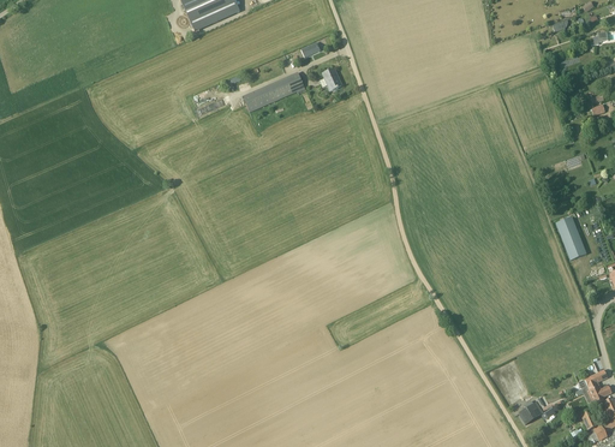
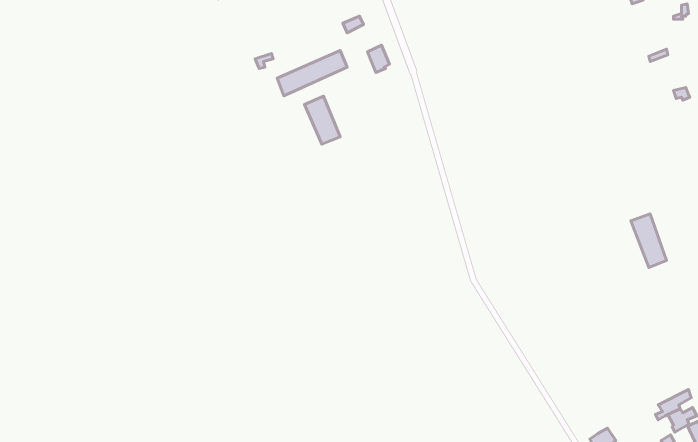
building: none -> [305,96,340,144]

